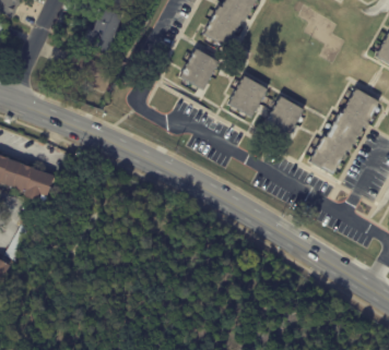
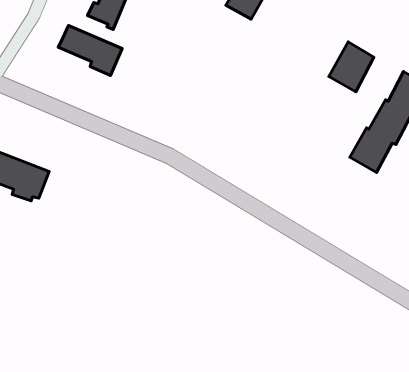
building: [179,49,217,89] -> none
building: [227,77,266,118] -> none
building: [263,94,302,136] -> [329,42,374,92]

